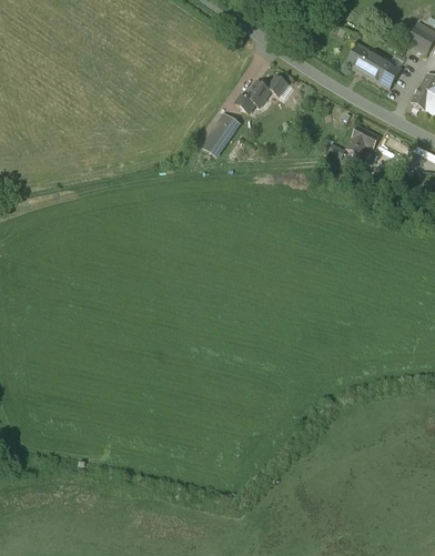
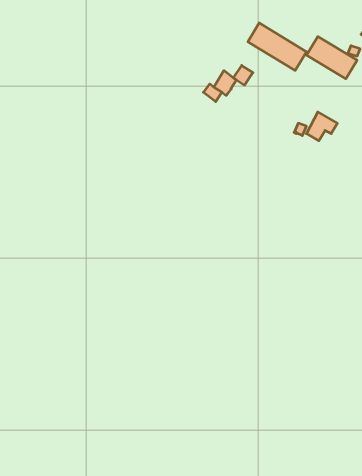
building: none -> [248,23,306,70]
building: [202,112,240,155] -> none

